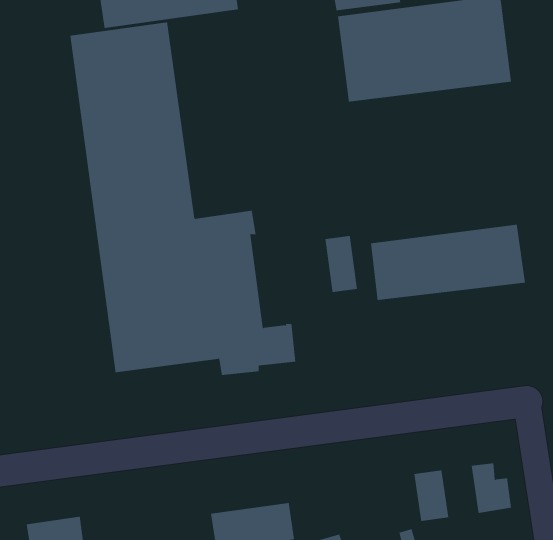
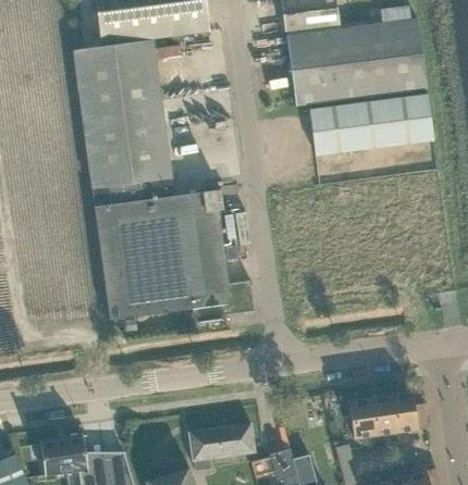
building: [370,224,526,300] -> [310,94,434,154]
building: [325,235,358,293] -> none
building: none -> [371,393,399,434]

